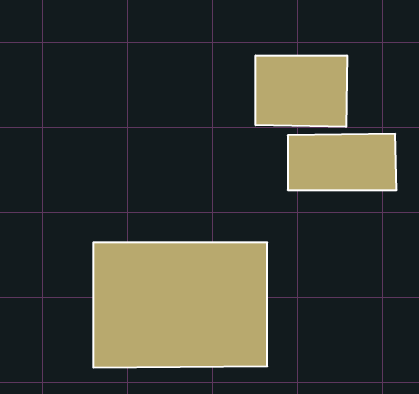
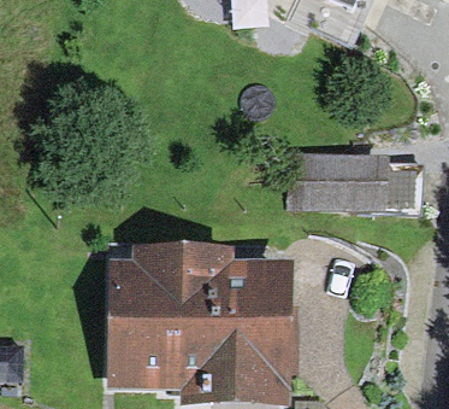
building: [256,55,347,127] -> none

